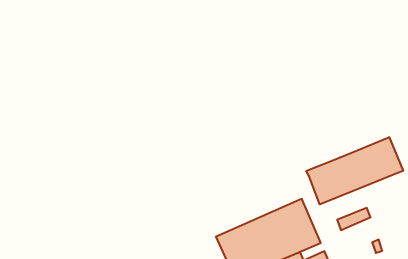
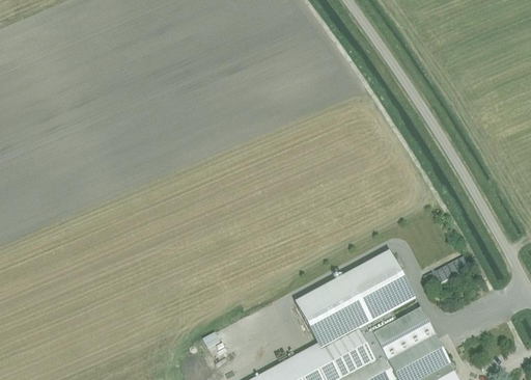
building: [306,137,403,204] -> none

